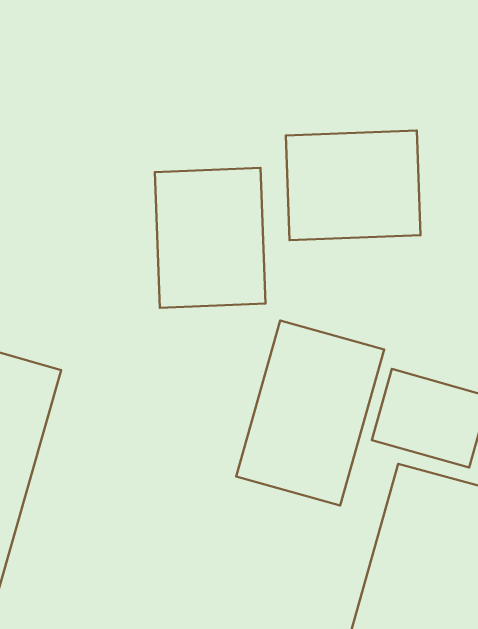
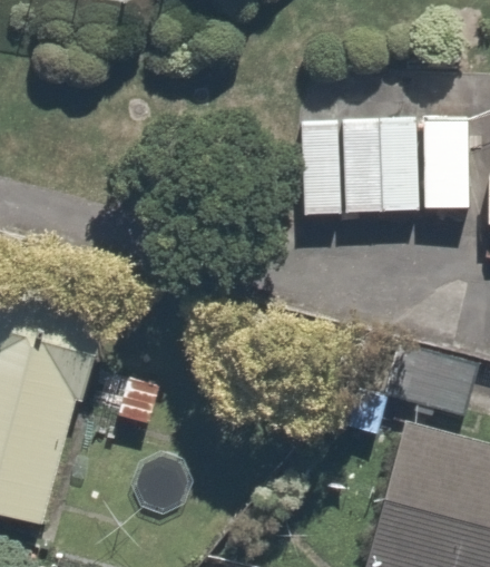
building: [155,168,266,308] -> none
building: [236,321,384,506] -> none

